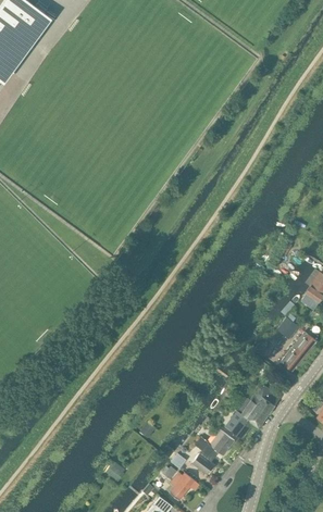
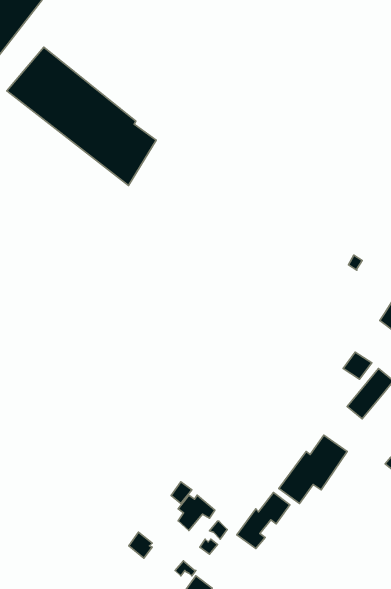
building: none -> [7,47,156,186]
building: [170,472,199,500] -> [178,495,215,531]

